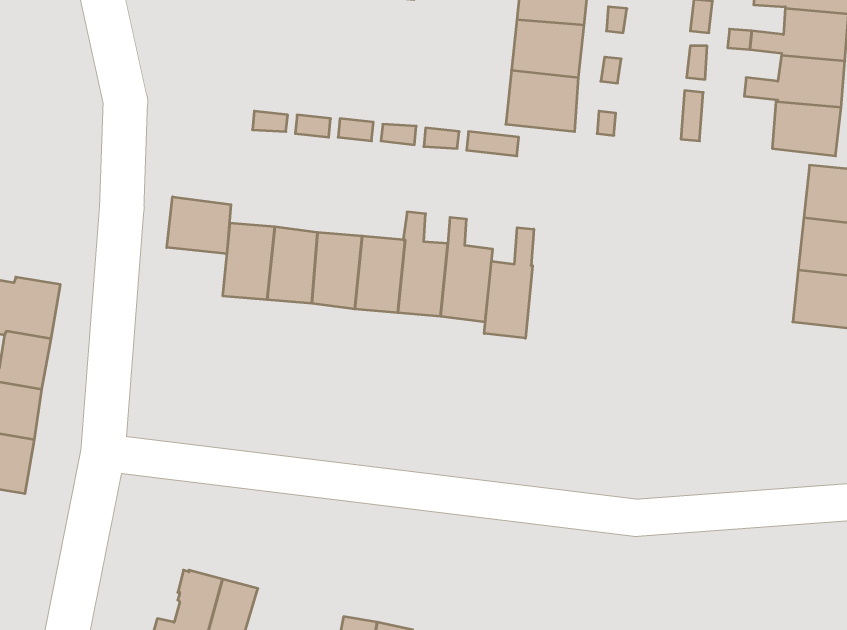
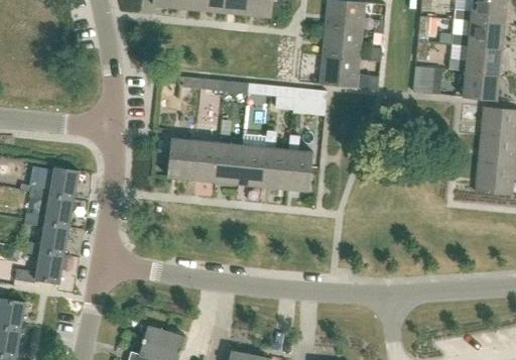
building: [167,197,231,254] -> none
building: [484,228,534,338] -> none

